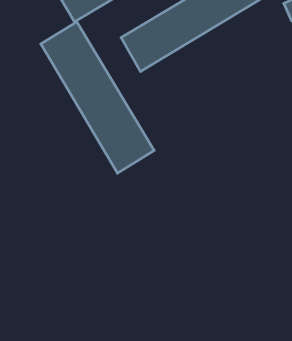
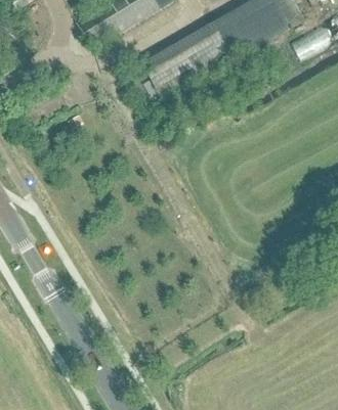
building: [41,22,154,173] -> none

